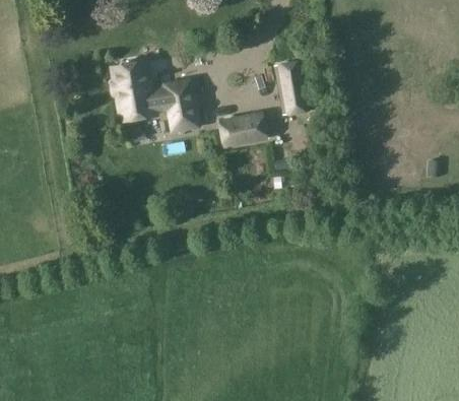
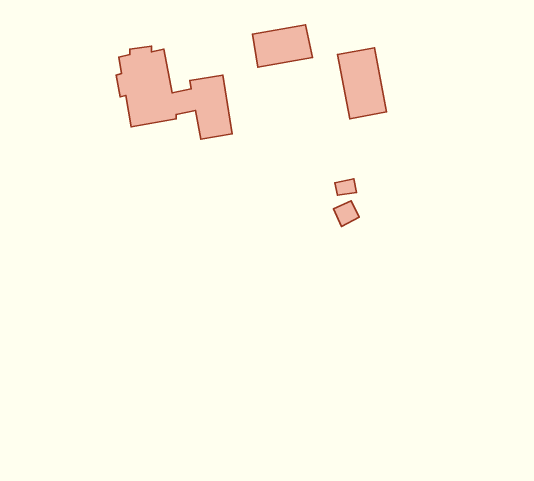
building: [221,114,266,145] -> [252,25,312,67]

